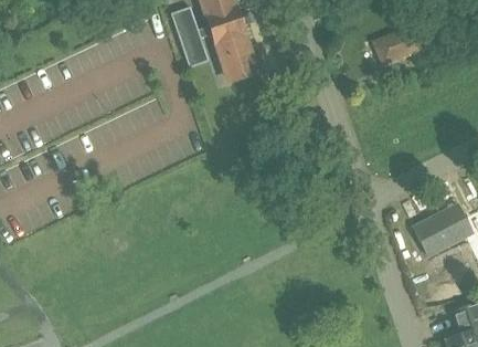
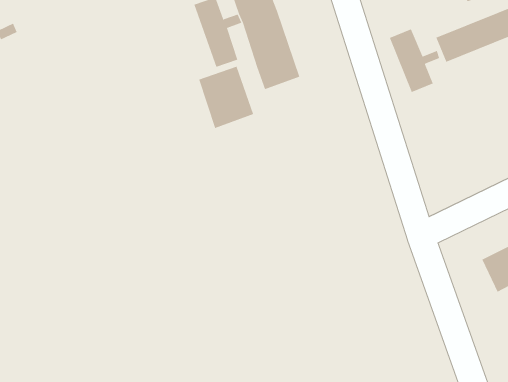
building: none -> [389,29,440,93]
building: none -> [199,66,254,129]

